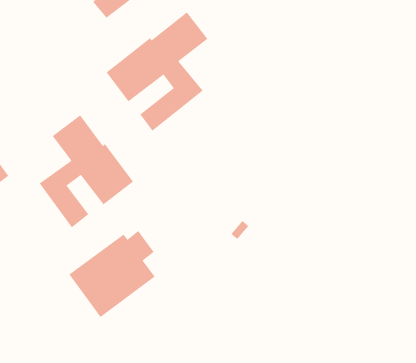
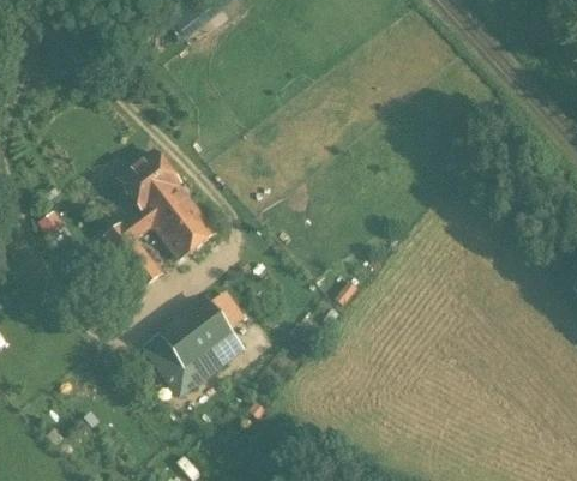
building: [106,11,208,132] -> none

